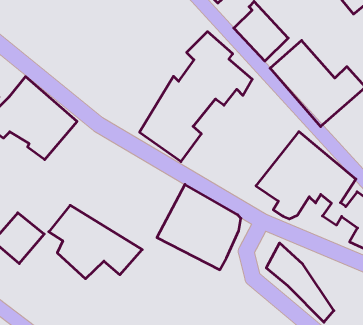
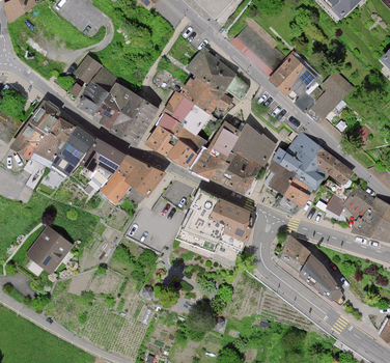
building: none -> [67,55,162,145]
building: none -> [194,121,273,194]
building: [49,205,142,279] -> [78,138,165,204]

